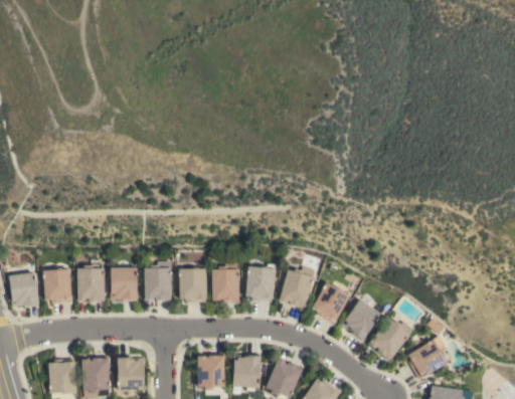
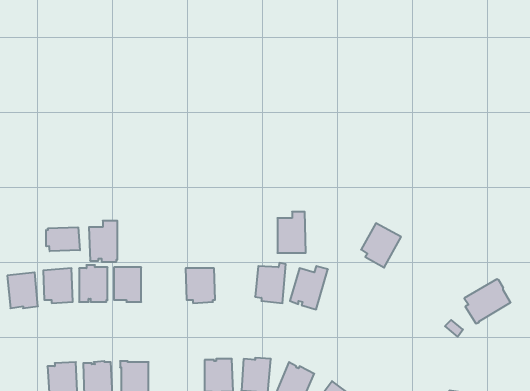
building: none -> [46,227,80,251]
building: [144,261,171,301] -> [89,221,117,262]
building: [212,262,239,302] -> [277,212,306,253]
building: [312,281,350,324] -> [361,223,401,268]
building: [341,298,380,341] -> none
building: [368,318,413,360] -> none
building: [407,336,452,378] -> [464,279,511,323]

